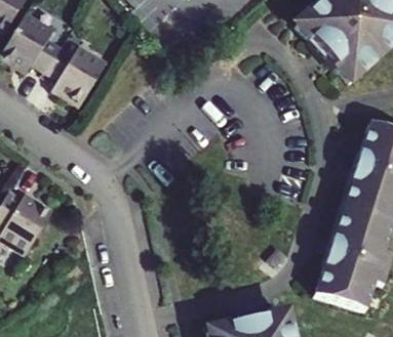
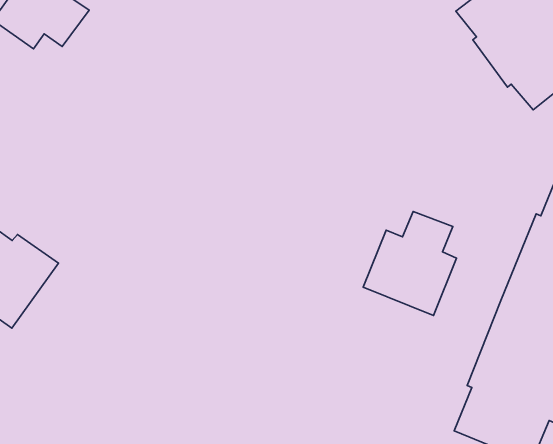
building: [43,42,106,102] -> none
building: none -> [363,212,457,315]

